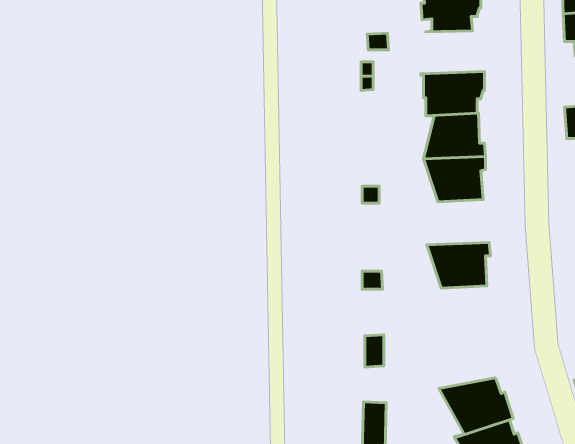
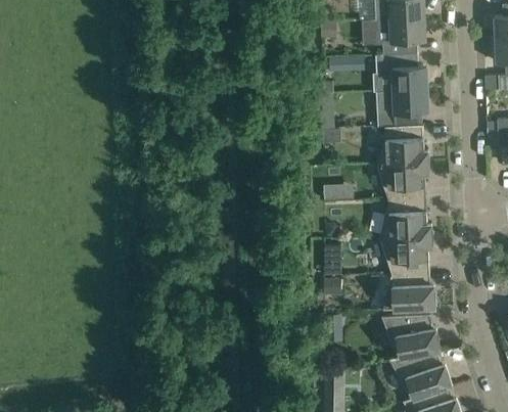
building: none -> [373,54,428,91]
building: none -> [379,198,432,237]
building: none -> [383,272,435,310]
building: none -> [381,314,441,360]

